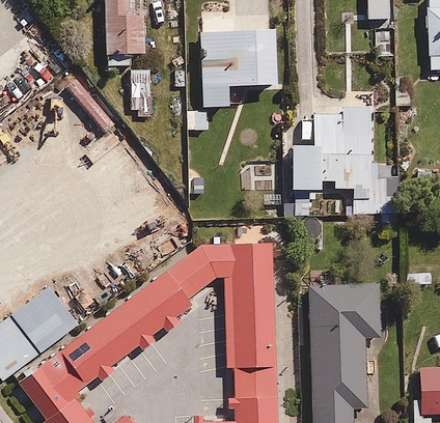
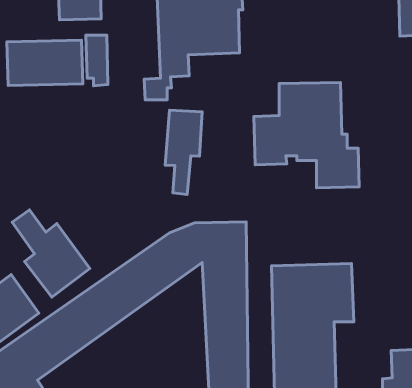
building: none -> [7,40,83,86]
building: none -> [165,110,202,194]
building: none -> [12,210,90,297]

